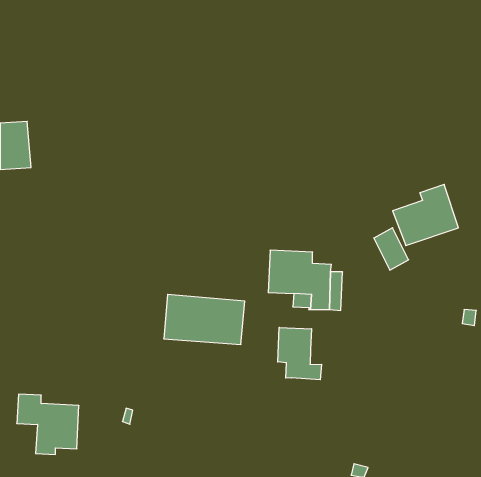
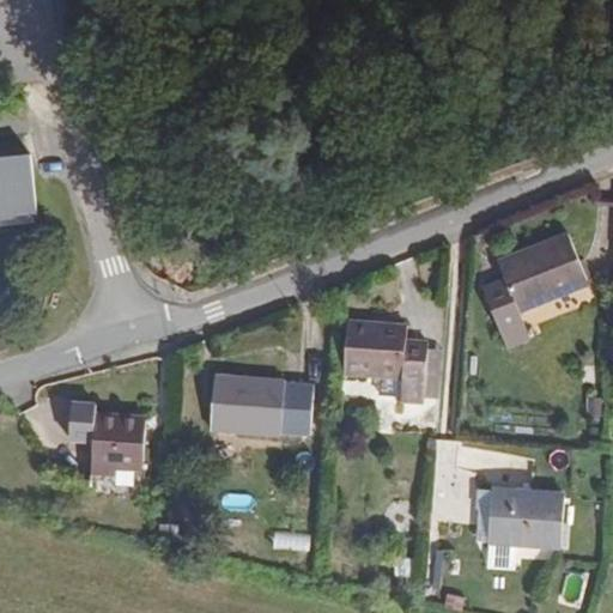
building: [278,327,322,380] -> none
building: none -> [486,487,562,546]
building: [17,394,79,454] -> [66,400,145,477]

